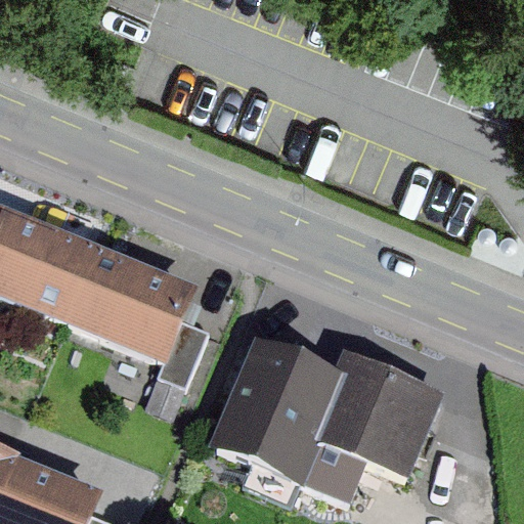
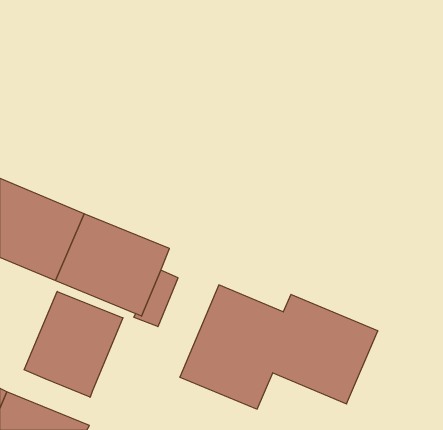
building: none -> [24,291,123,397]

